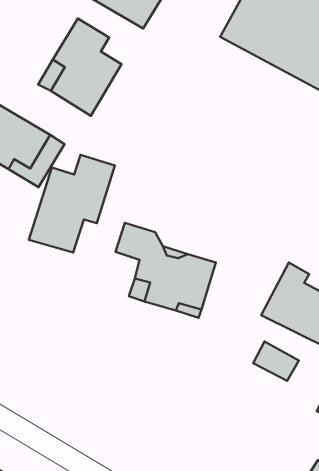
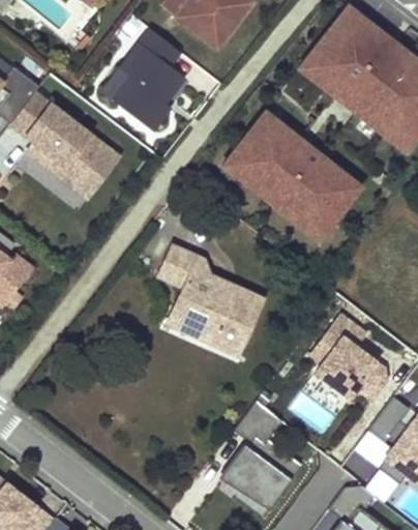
building: none -> [219,100,369,242]
building: [29,155,115,253] -> none
building: none -> [221,401,299,507]

